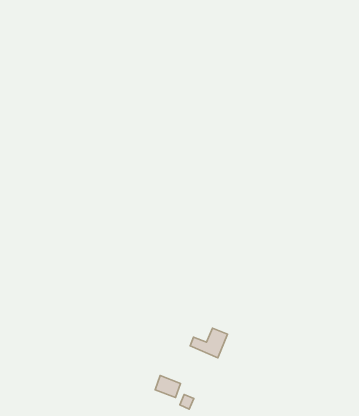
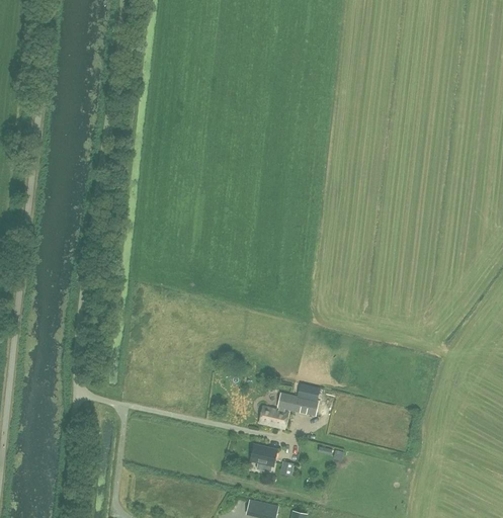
building: none -> [258,405,287,427]

